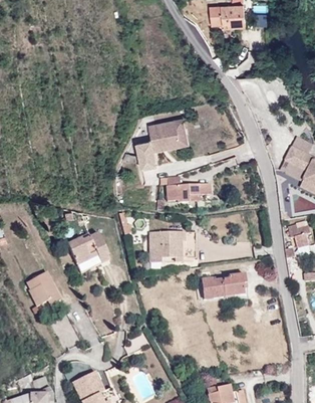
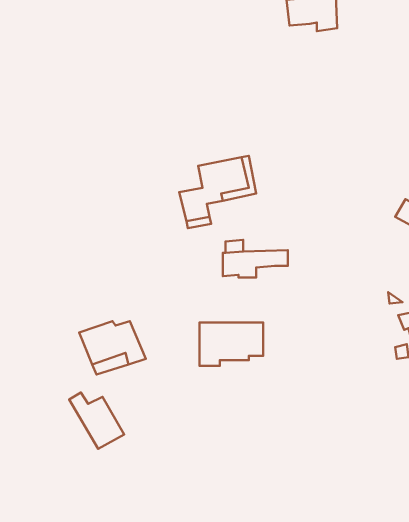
building: [19,265,57,305] -> [69,392,124,449]
building: [203,272,248,300] -> none

